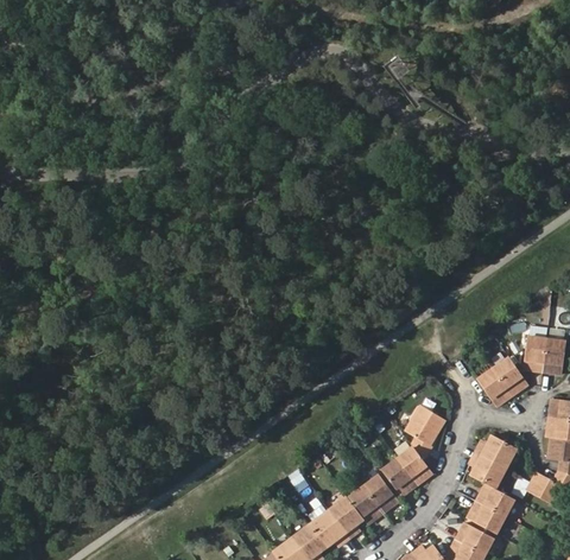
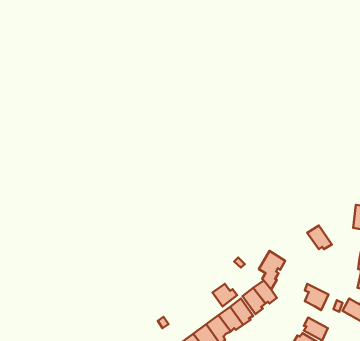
building: [522,336,545,371] -> none
building: [492,356,524,395] -> none
building: [475,434,517,467] -> none
building: none -> [212,284,237,306]
building: [476,484,514,516] -> none

